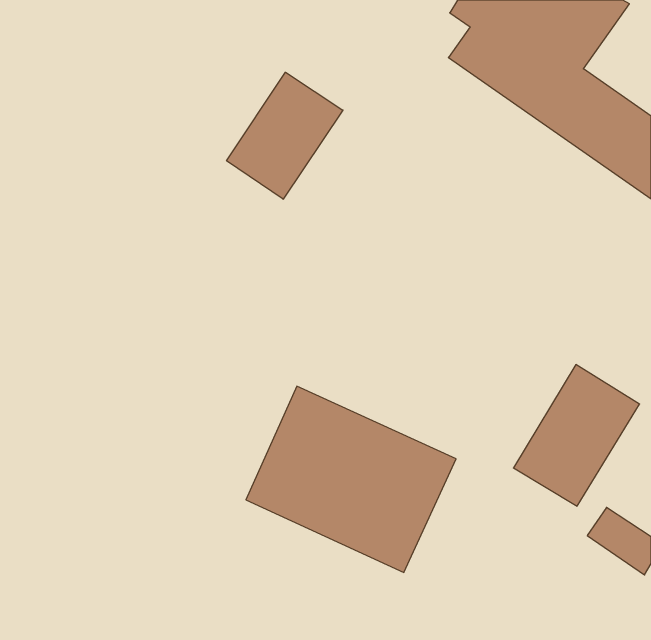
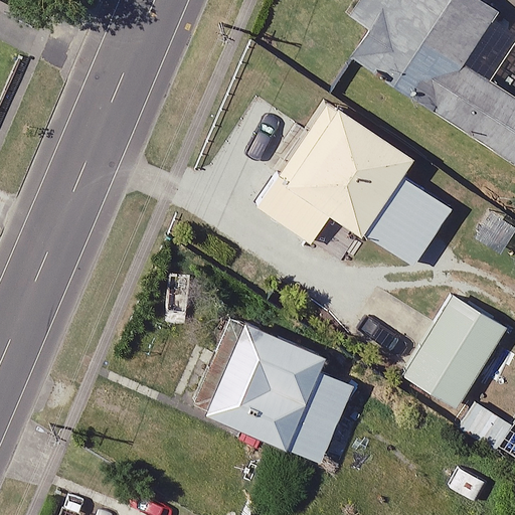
building: [227,72,343,199] -> none
building: none -> [258,102,452,268]

